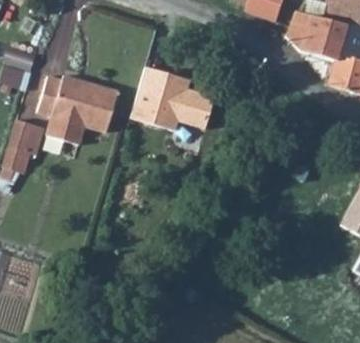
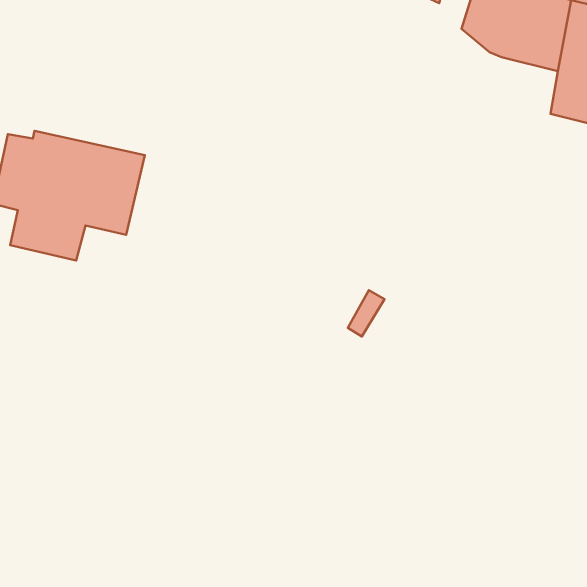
building: [130,67,213,132] -> none

